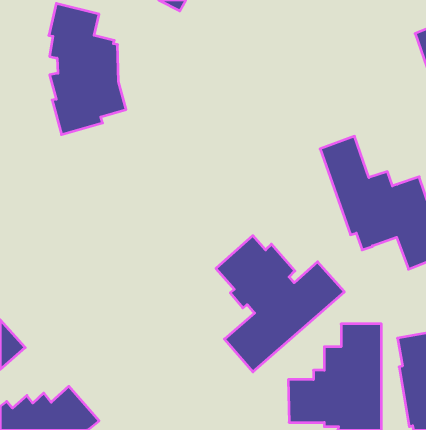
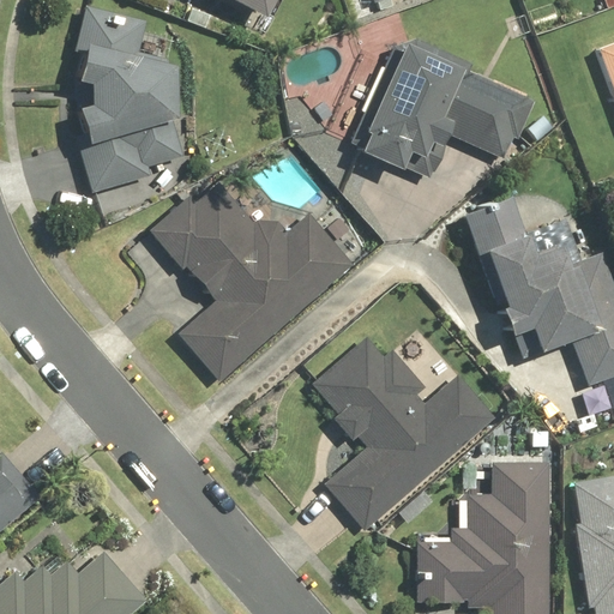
building: none -> [350,38,535,177]
building: none -> [148,181,353,381]

